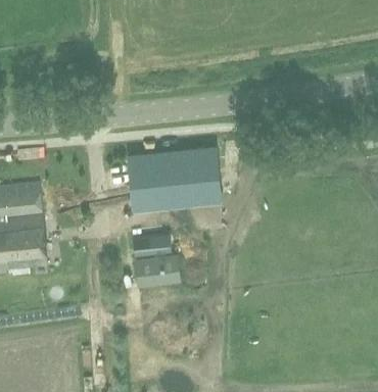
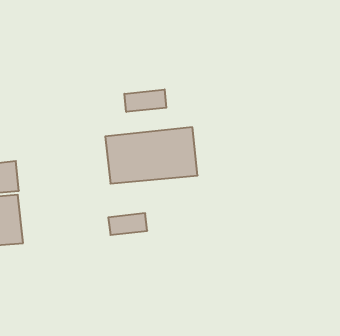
building: none -> [124,89,166,112]
building: [134,255,181,287] -> none

